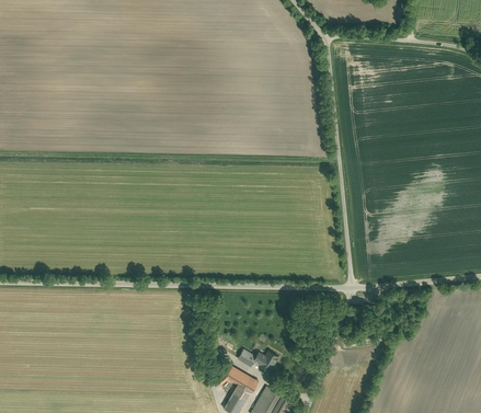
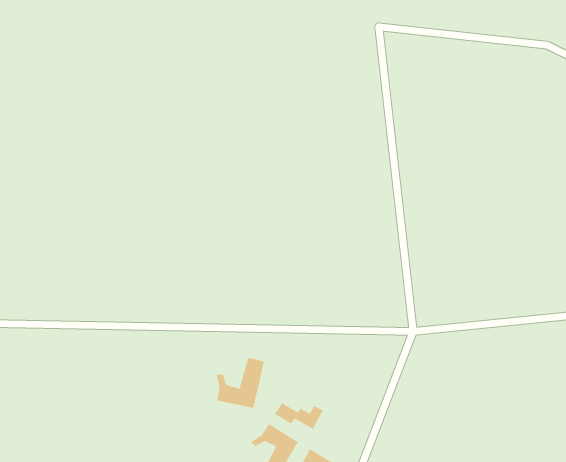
building: none -> [215,357,265,409]

